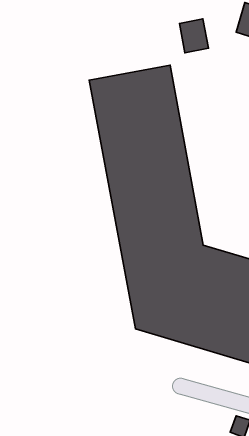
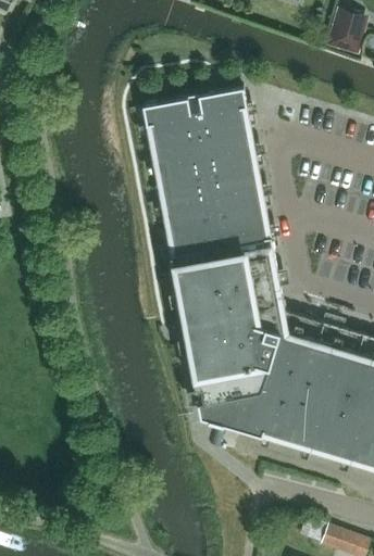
building: [179,19,208,53] -> none

